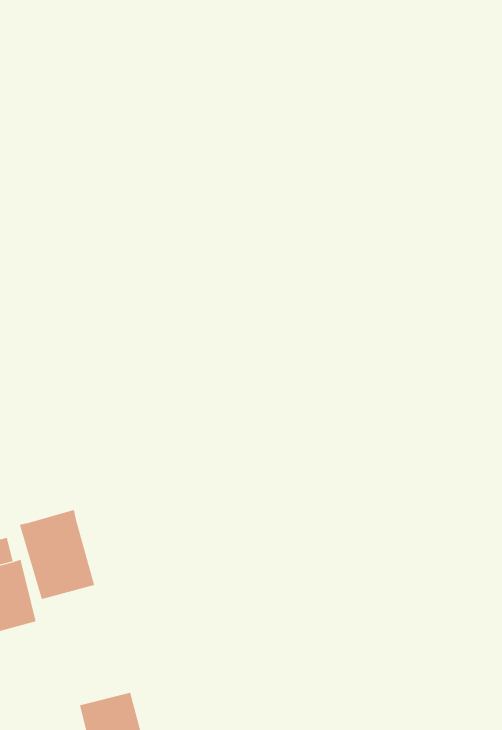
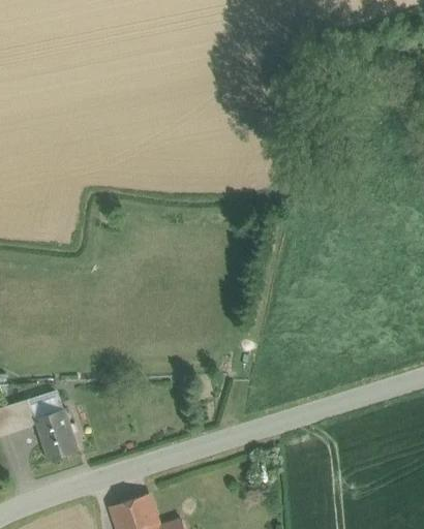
building: [19,509,95,600] -> none

